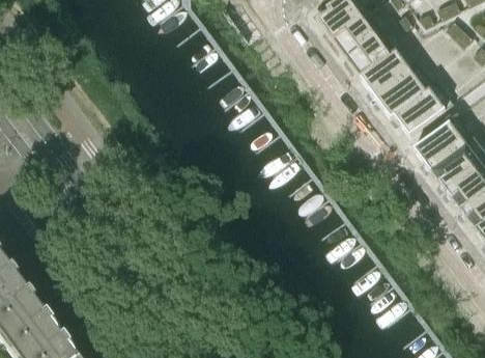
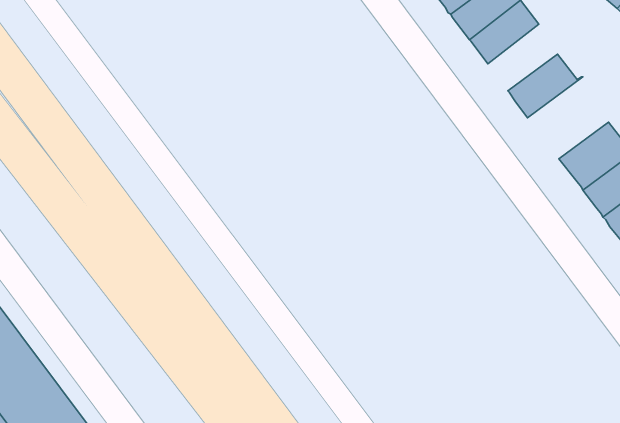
building: [360,46,410,94] -> none
building: [389,84,445,132] -> none

